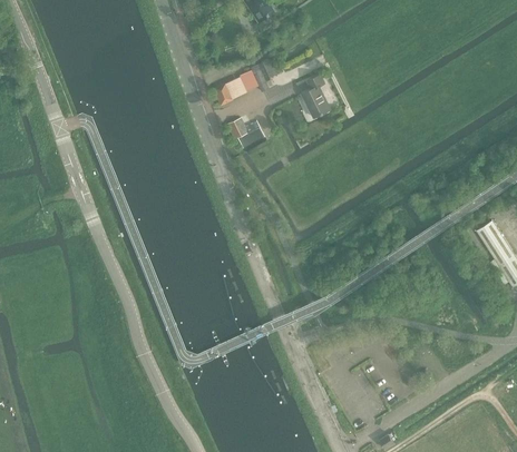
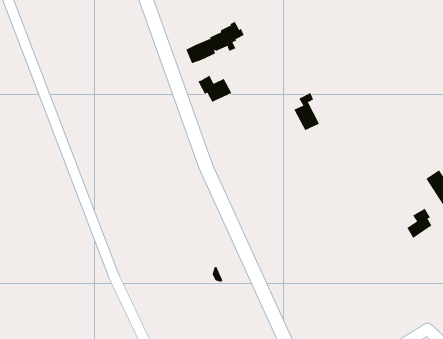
building: [301,76,330,118] -> [293,92,320,131]
building: none -> [406,208,432,239]

